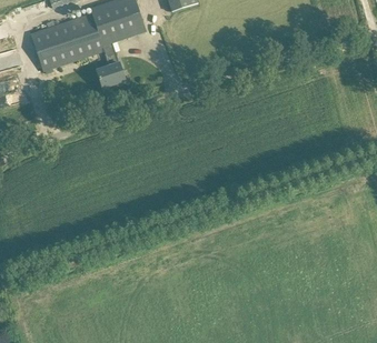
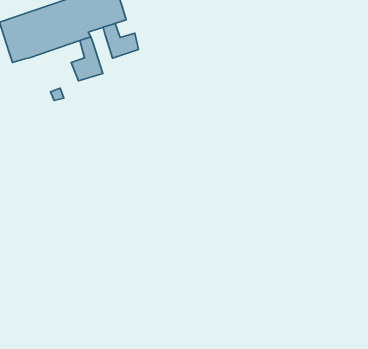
building: none -> [103,24,139,58]

